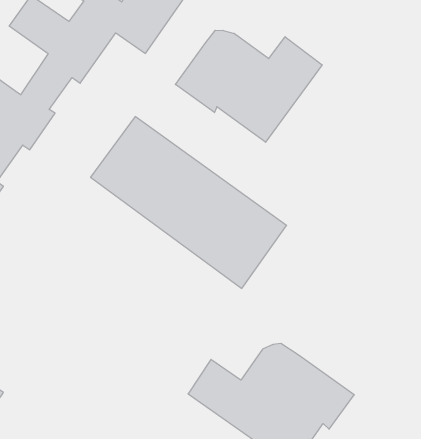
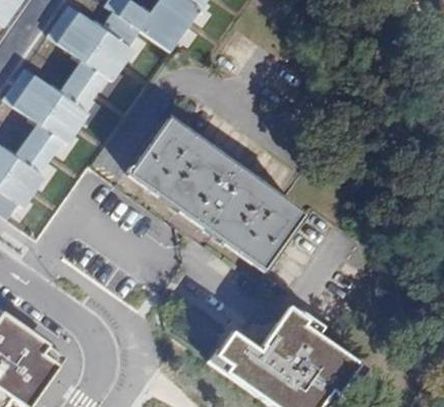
building: [175,30,322,142] -> none

